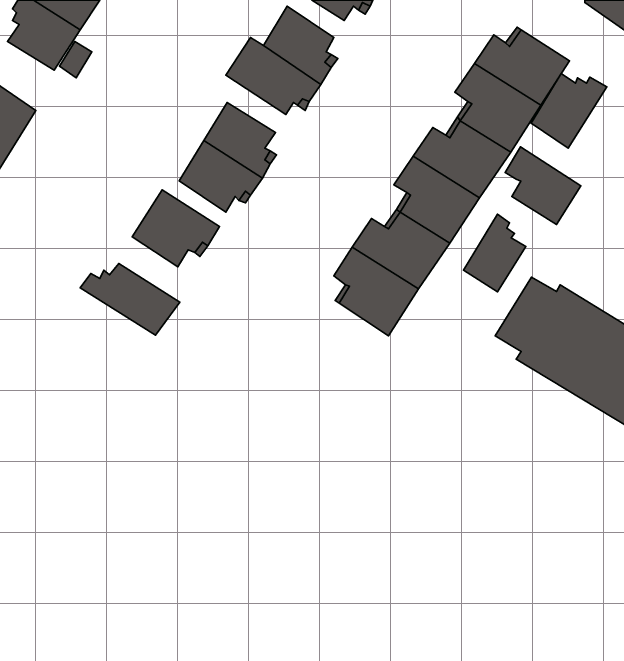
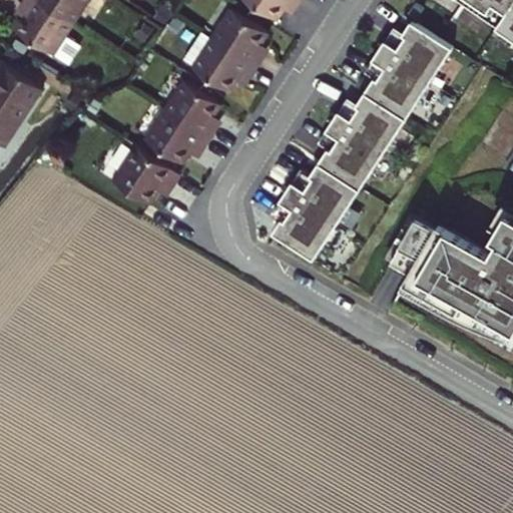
building: [531,73,607,148] -> none
building: [505,147,581,224] -> none
building: [463,214,526,292] -> none
building: [80,263,180,335] -> none

